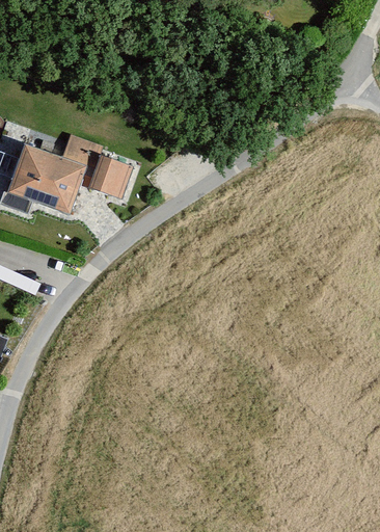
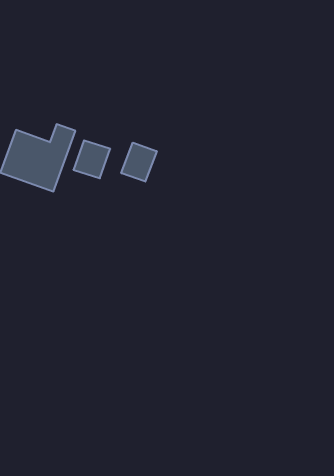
building: none -> [121,143,157,182]

